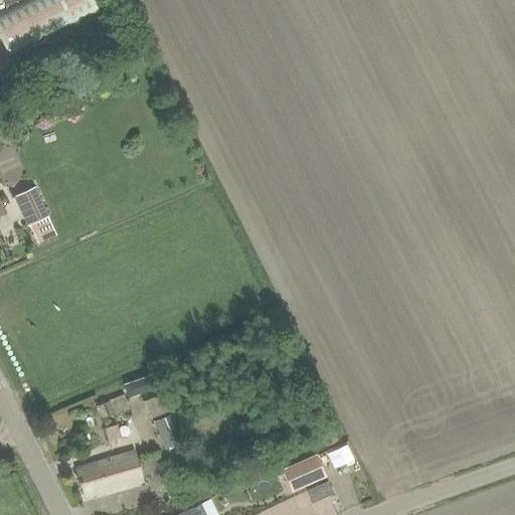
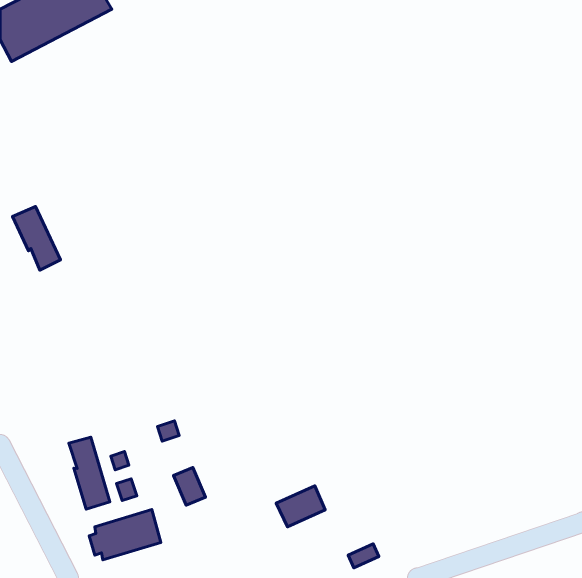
building: none -> [69,437,110,509]
building: [282,454,325,490] -> [276,486,325,527]

